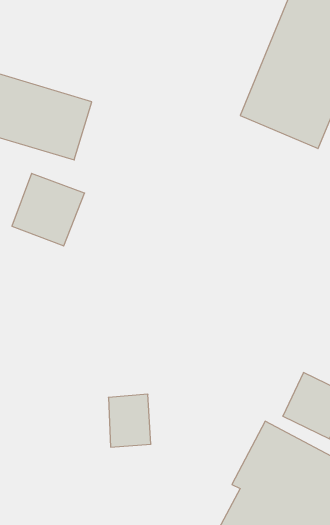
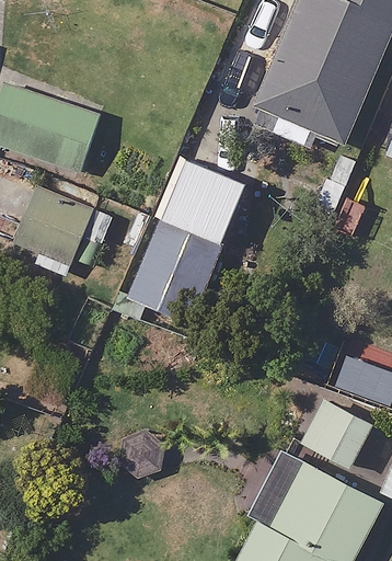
building: none -> [162,159,245,242]
building: none -> [126,221,217,321]

